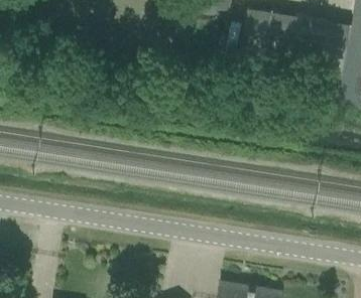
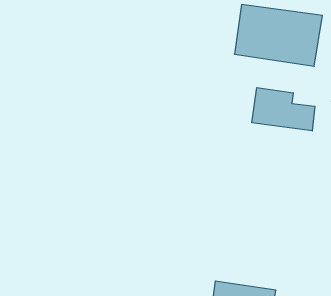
building: none -> [252,88,315,131]

